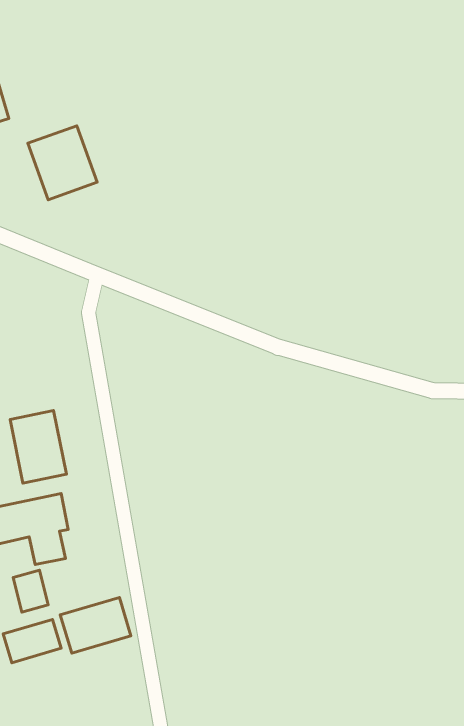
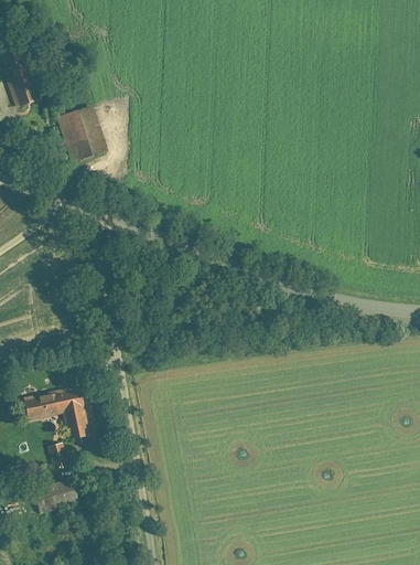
building: [10,410,66,483] -> none
building: [60,597,131,653] -> none

